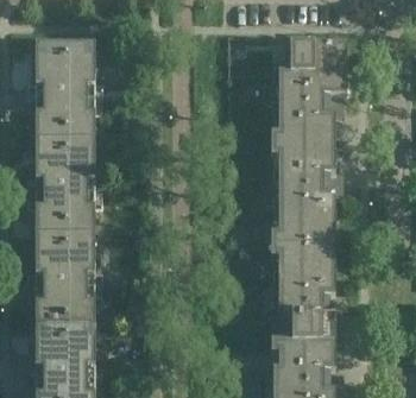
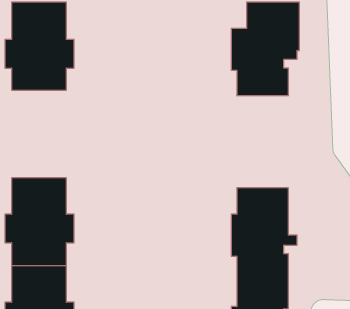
building: [27,134,102,229] -> none
building: [272,140,343,240] -> none

